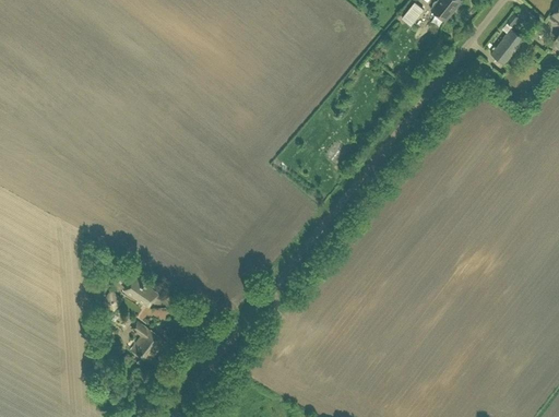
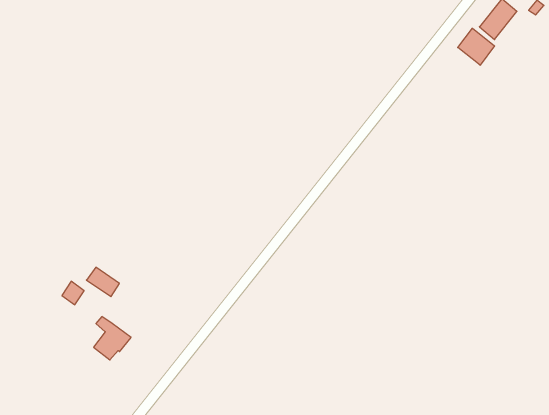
building: none -> [458,28,495,65]

